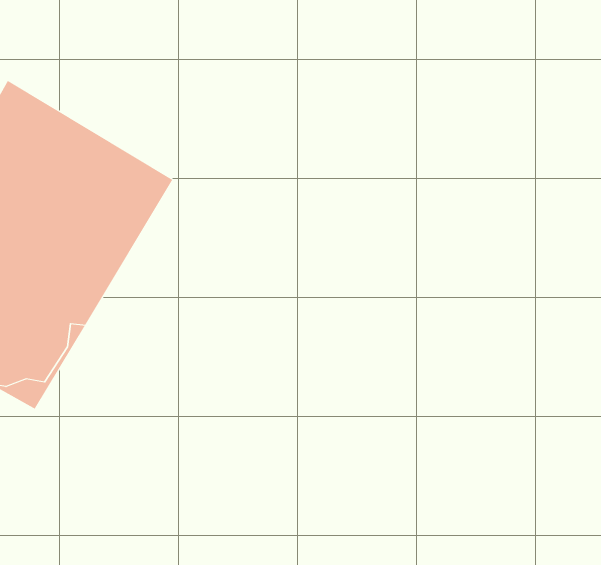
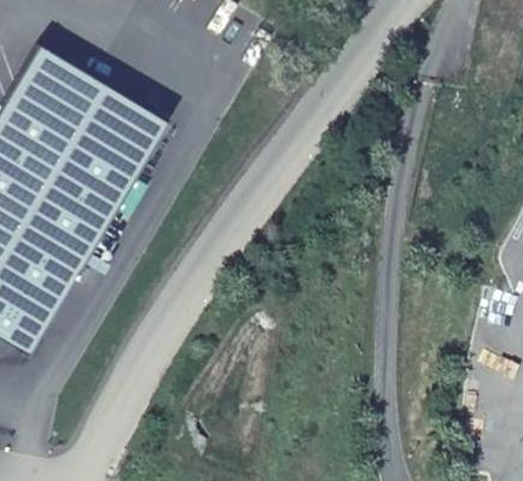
building: none -> [7,44,165,173]

